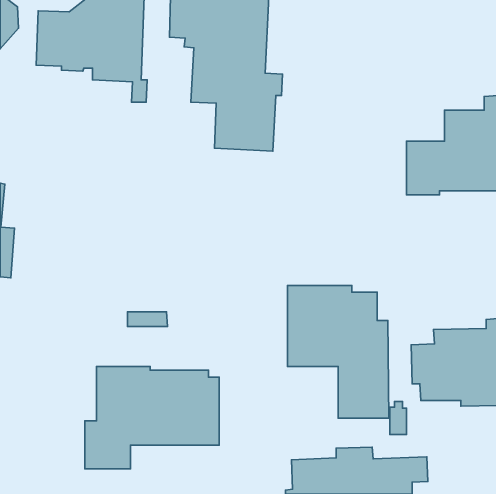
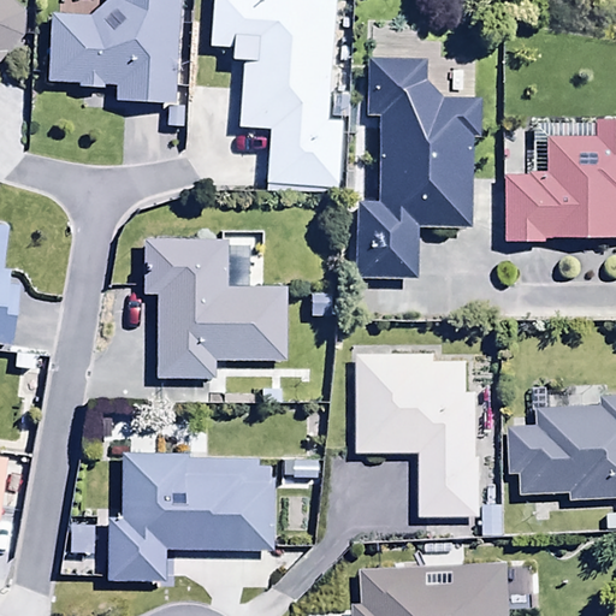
building: none -> [356,30,480,277]
building: none -> [144,237,289,378]

